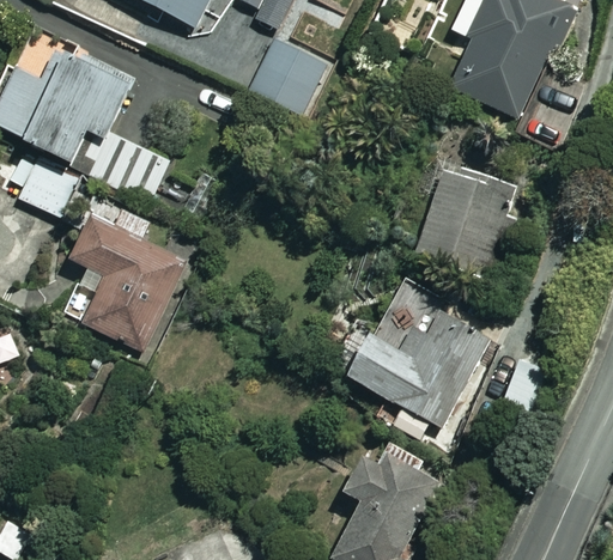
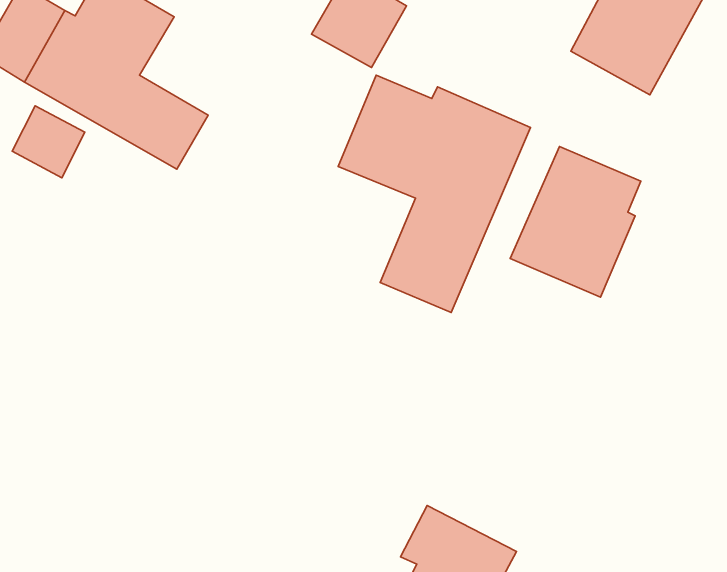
building: none -> [338,75,530,312]
building: [73,209,184,351] -> none
building: [352,279,492,426] -> none

